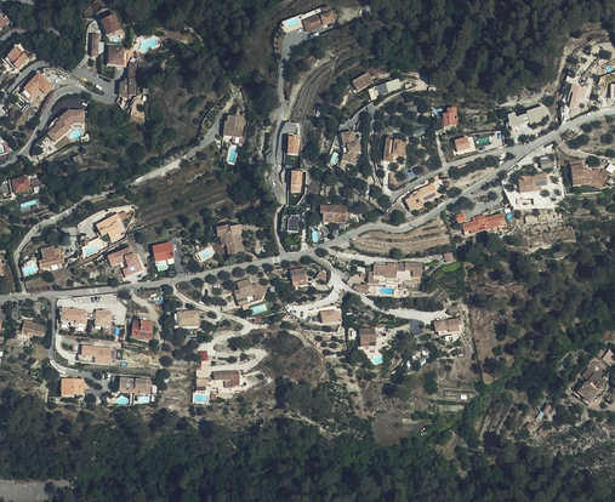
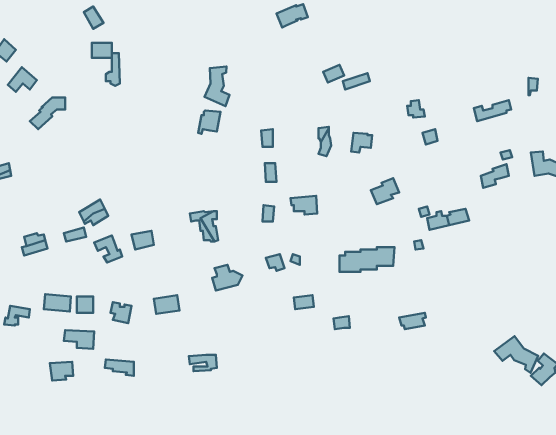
building: none -> [205,66,230,106]
building: none -> [494,336,538,373]

